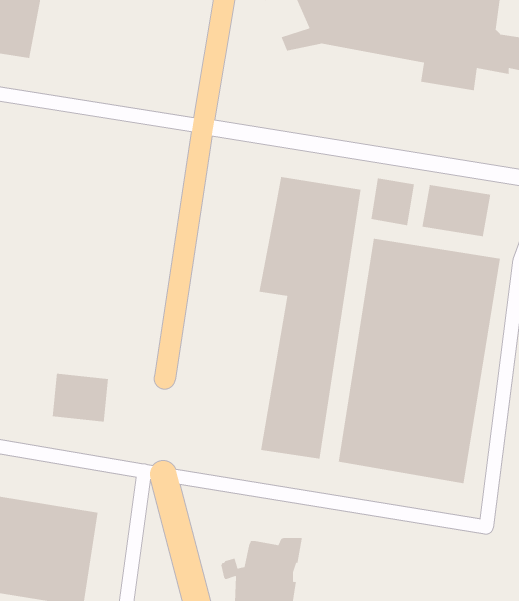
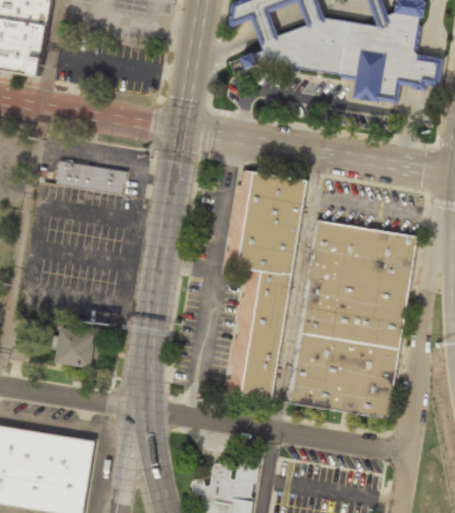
building: none -> [56,162,127,193]
building: [370,177,415,226] -> none
building: [421,184,491,237] -> none

